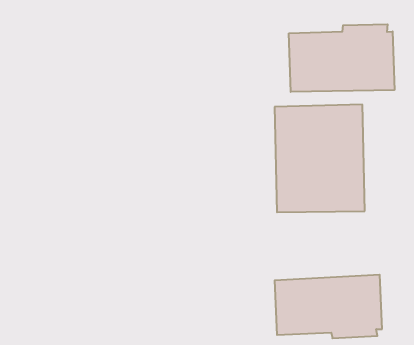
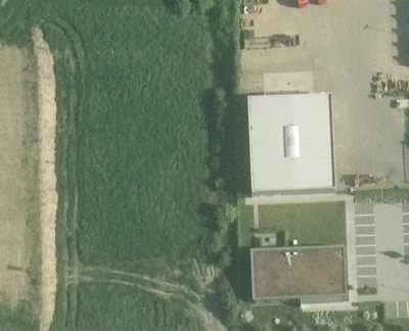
building: [289,24,394,92] -> none

